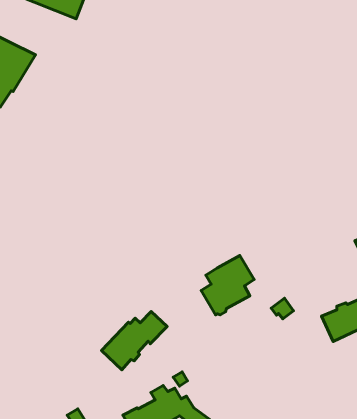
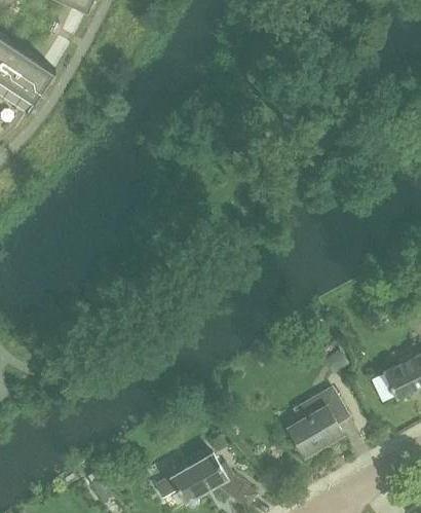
building: [201,255,254,315] -> [288,387,348,454]
building: [102,311,167,370] -> none

